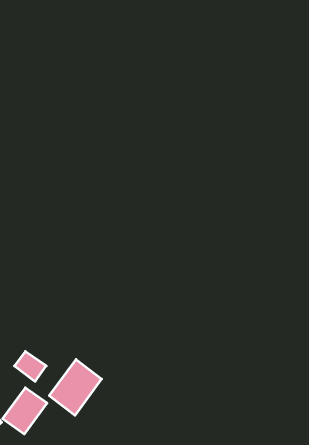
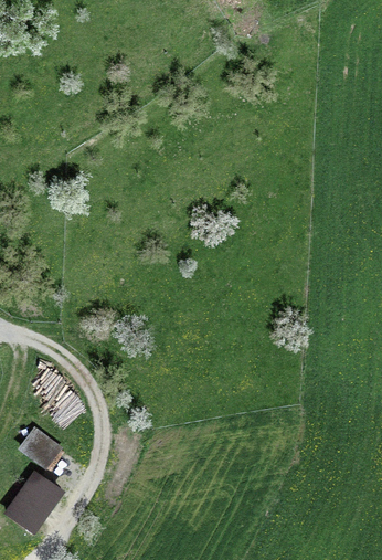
building: [49,359,102,415] -> none

